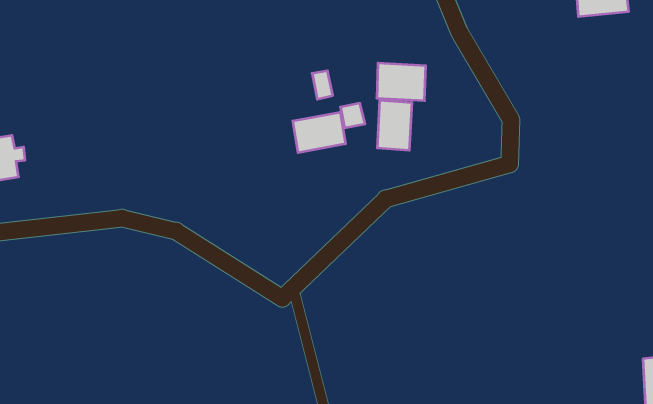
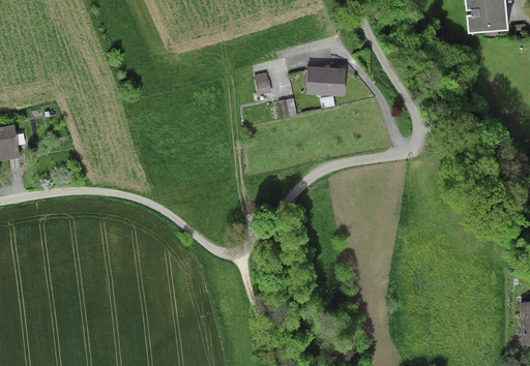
building: [377,100,412,150] -> none
building: [293,112,345,153] -> none

